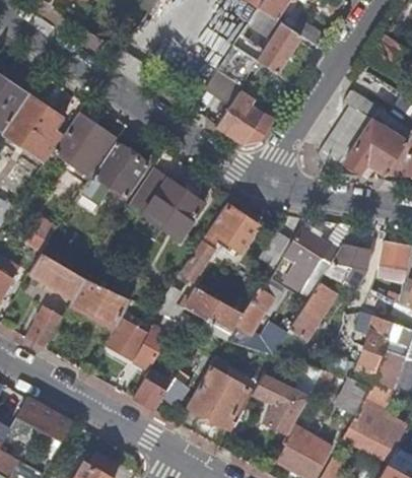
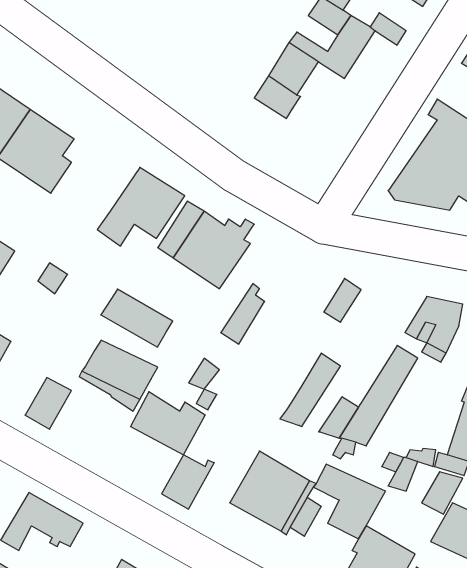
building: [217,95,271,142] -> none
building: [54,114,118,177] -> none
building: [210,207,257,250] -> none
building: [285,222,354,289] -> none
building: [28,253,85,298] -> [101,289,173,347]
building: [186,285,244,333] -> none

